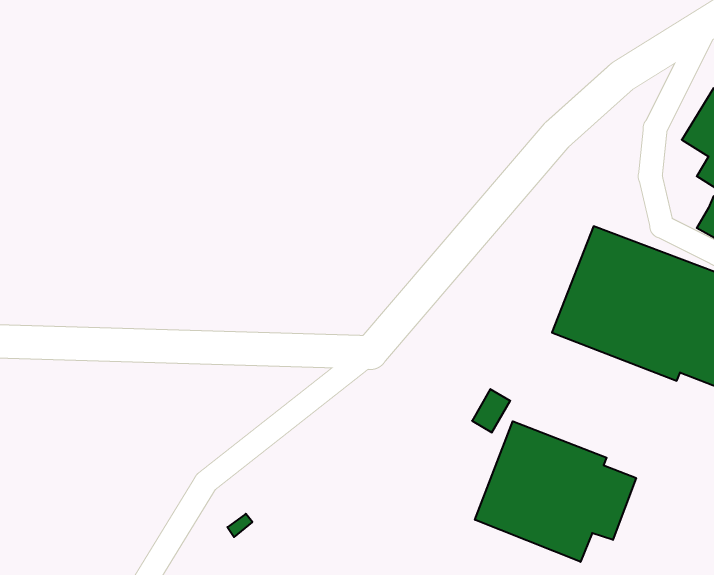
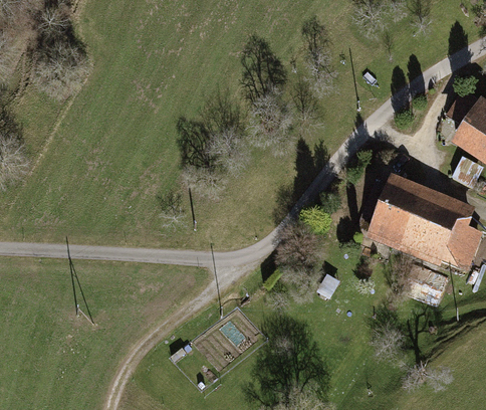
building: [475,421,636,562] -> none

